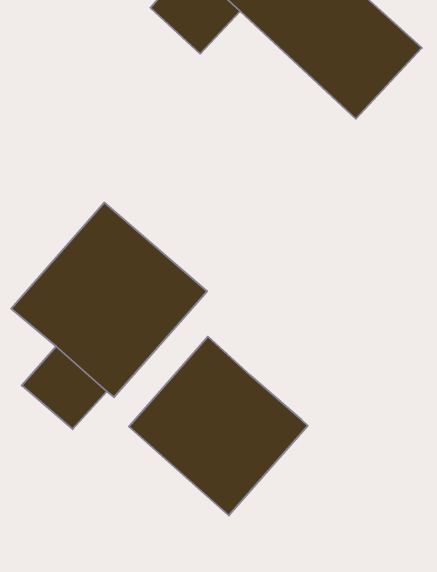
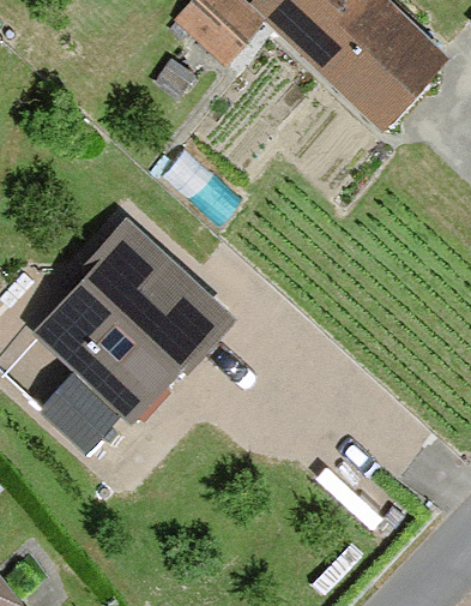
building: [129,337,308,516] -> none

